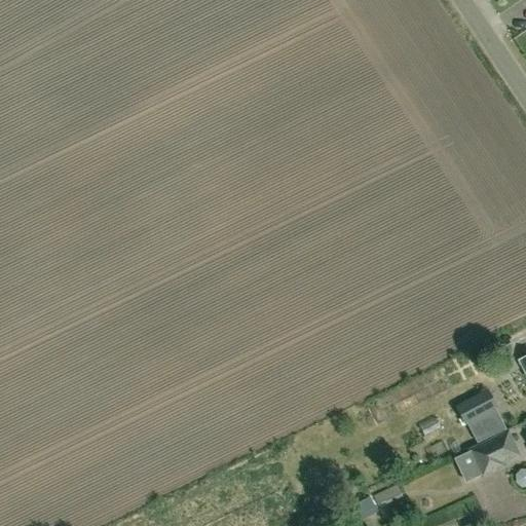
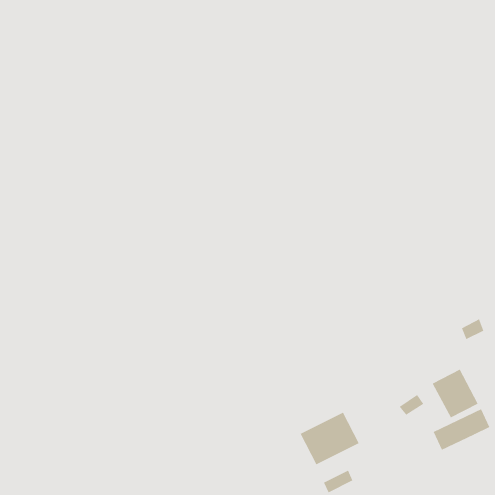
building: none -> [300,412,360,465]

